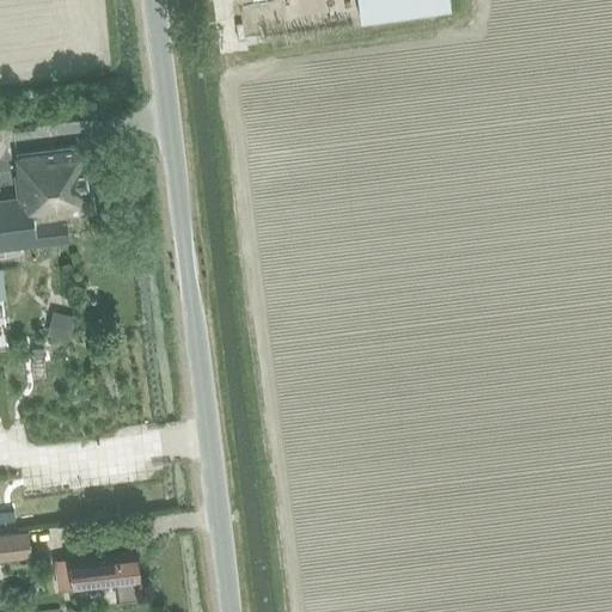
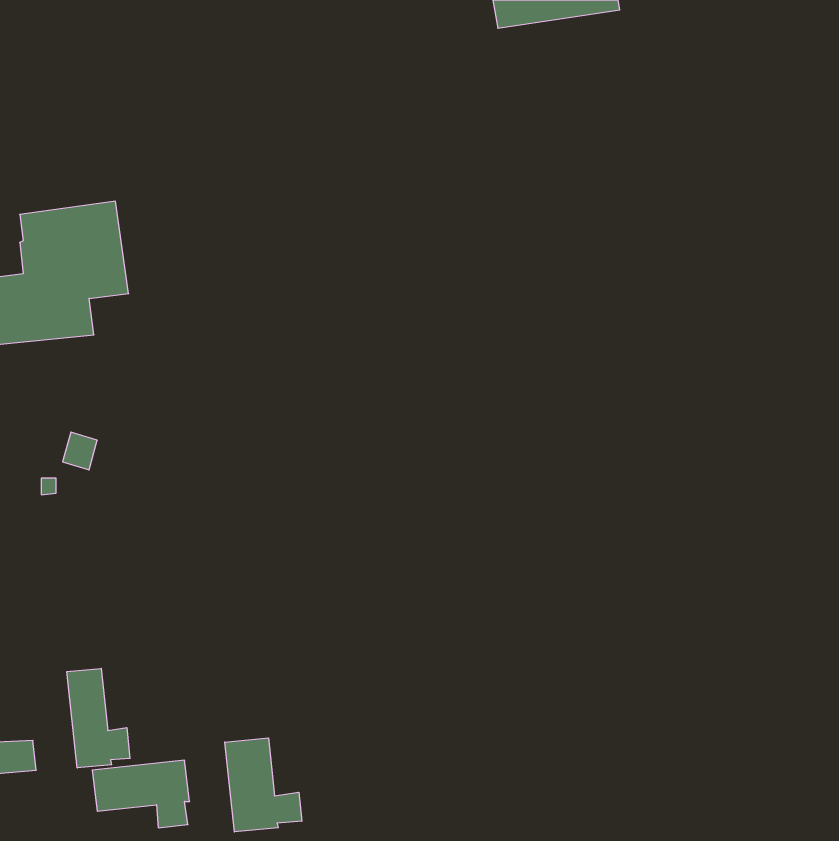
building: none -> [67,668,130,768]
building: none -> [225,738,302,832]

